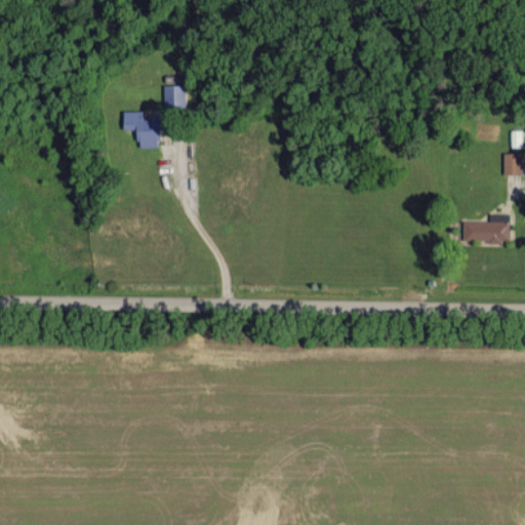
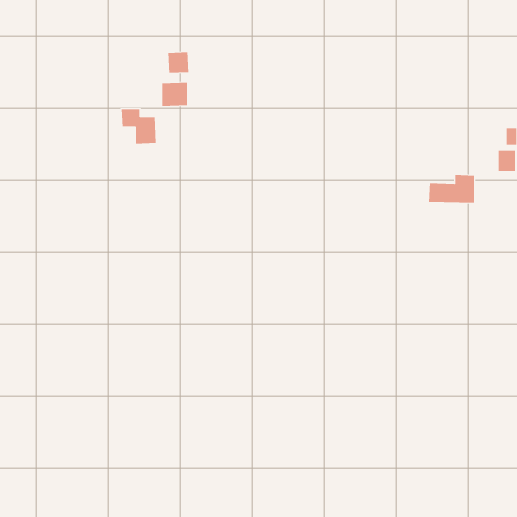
building: none -> [168,52,189,74]
building: [463,213,511,242] -> [428,175,475,203]

